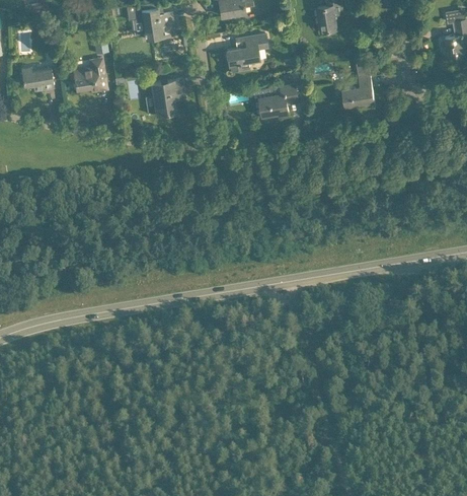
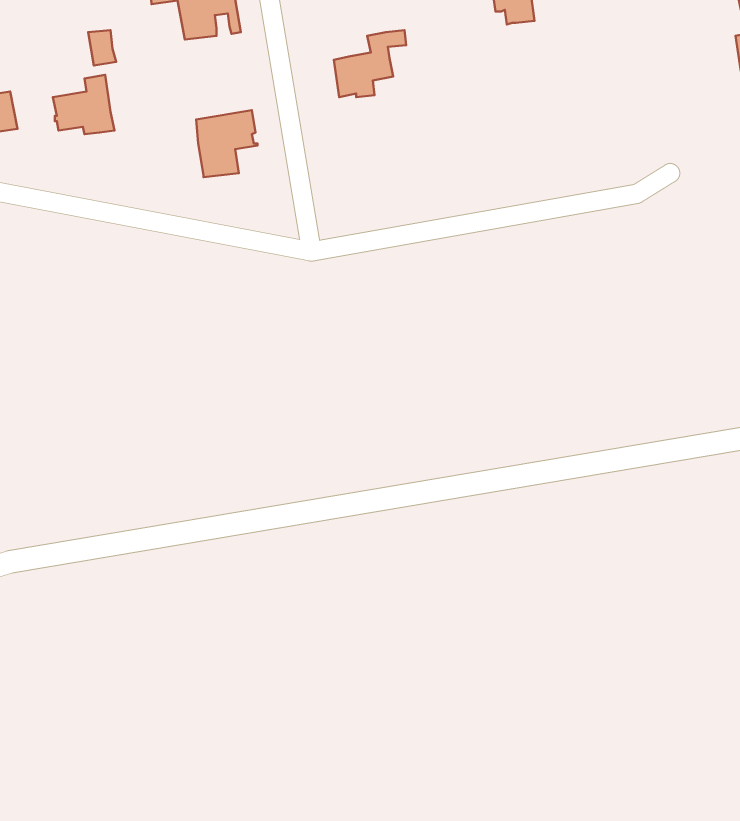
building: [342,61,375,108] -> none
building: [250,86,299,118] -> none

